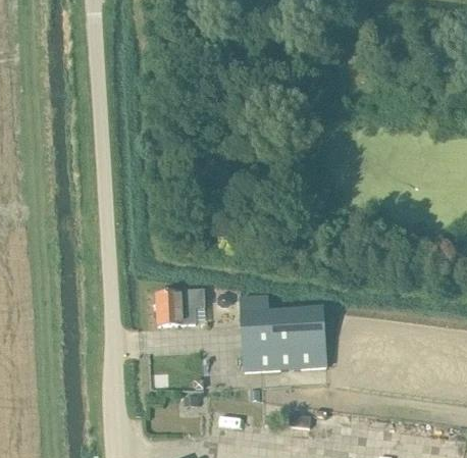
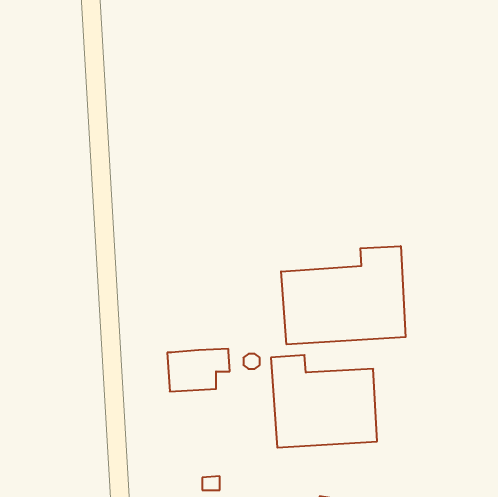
building: none -> [281,246,406,344]

